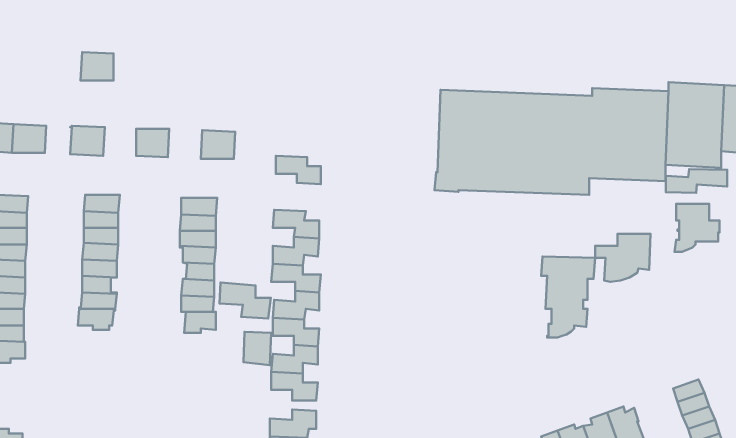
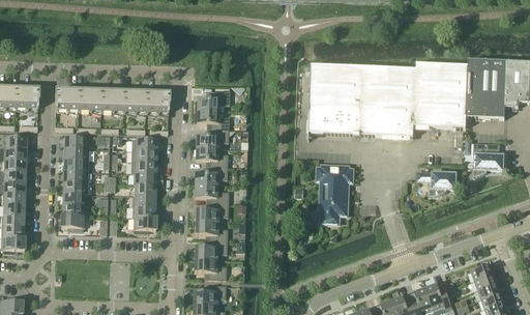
building: [81,52,114,81] -> [78,89,100,109]
building: none -> [122,90,146,111]
building: none -> [197,90,229,110]
building: [666,169,727,193] -> none
building: none -> [196,127,228,147]
building: [541,256,595,337] -> [316,166,353,222]
building: [219,283,271,319] -> none
building: [243,332,271,365] -> none

